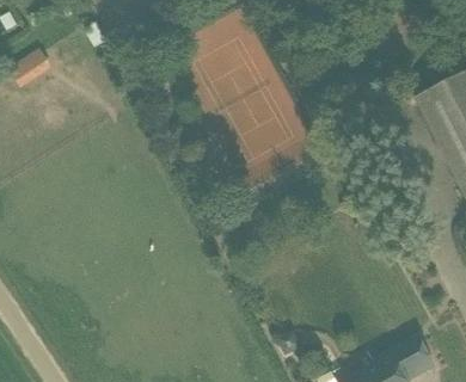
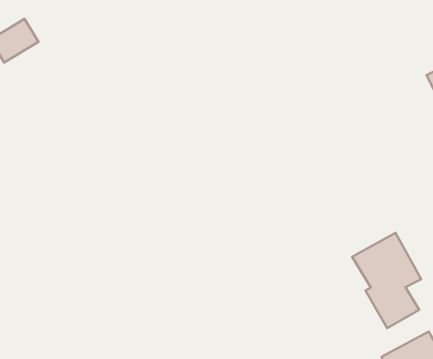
building: none -> [352,233,421,328]

